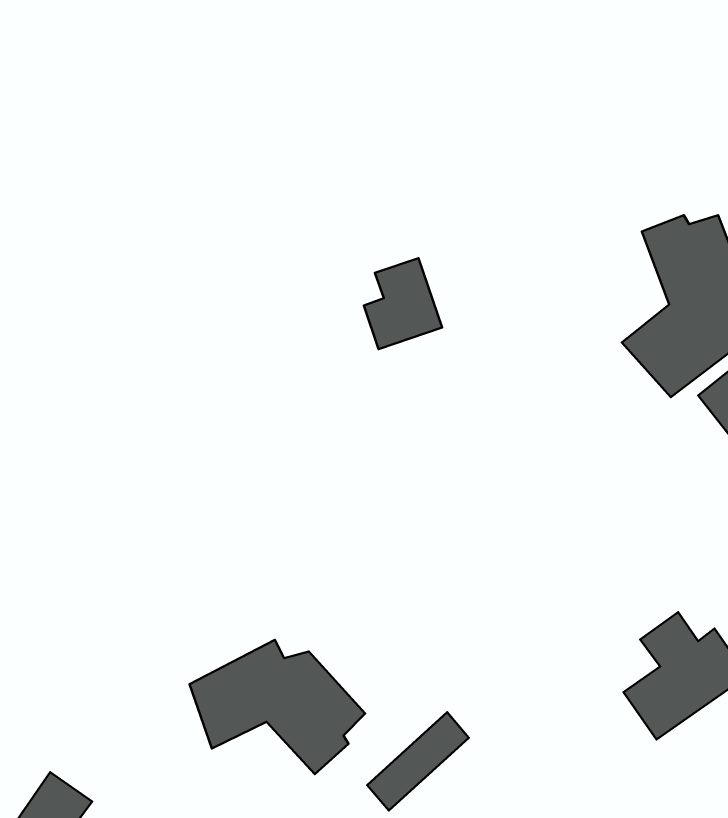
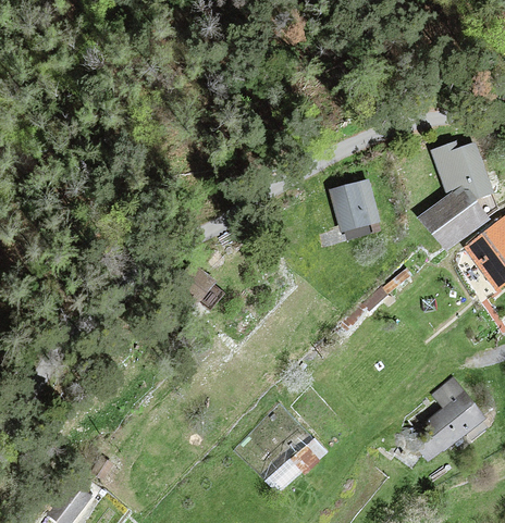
building: [364,258,442,349] -> [335,179,382,234]
building: [189,640,365,774] -> none

